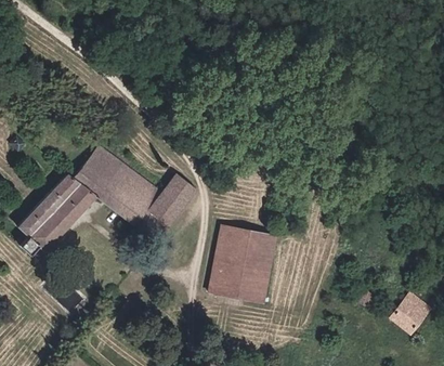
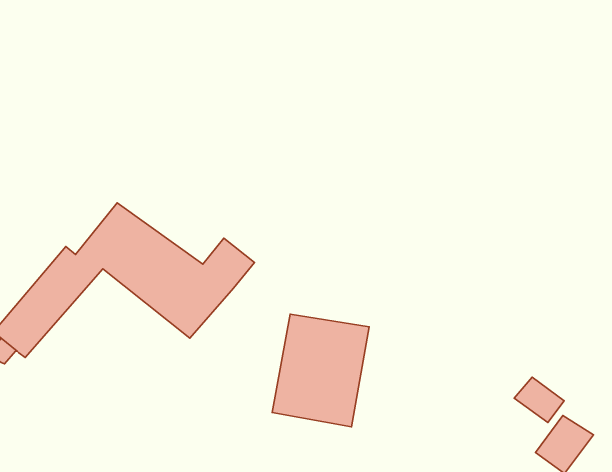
building: none -> [514,377,564,423]

